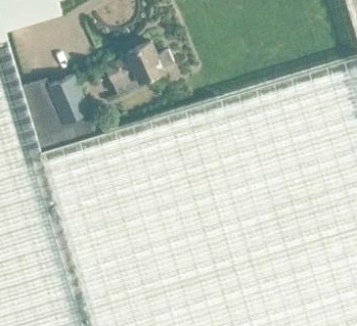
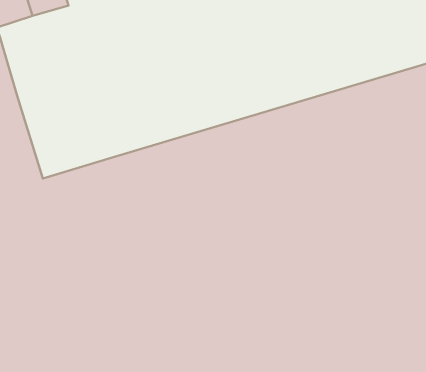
building: [106,42,174,95] -> none
building: [23,75,97,151] -> none

